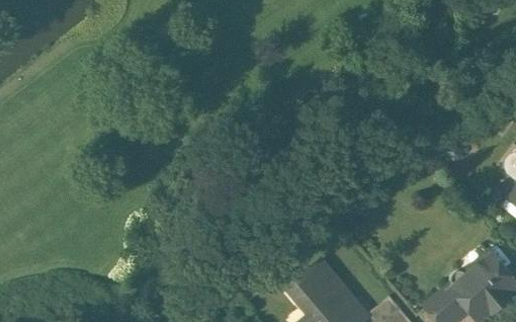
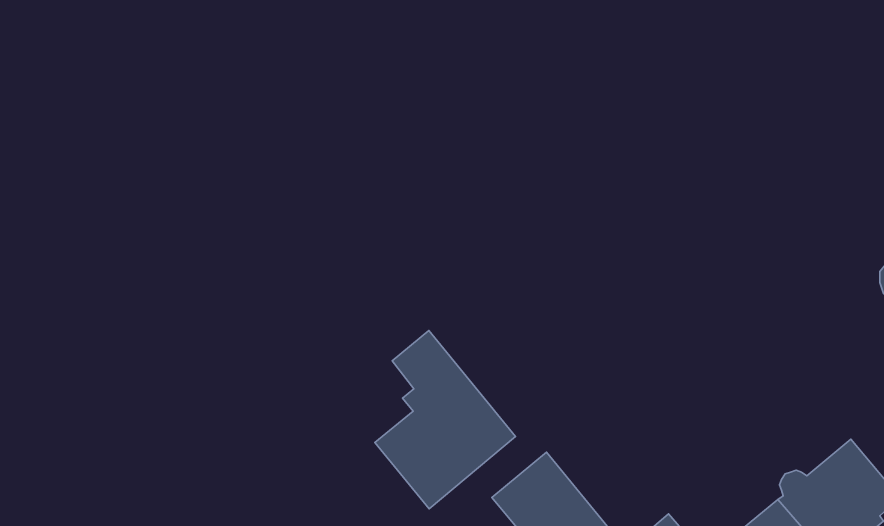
building: none -> [375,331,516,509]

